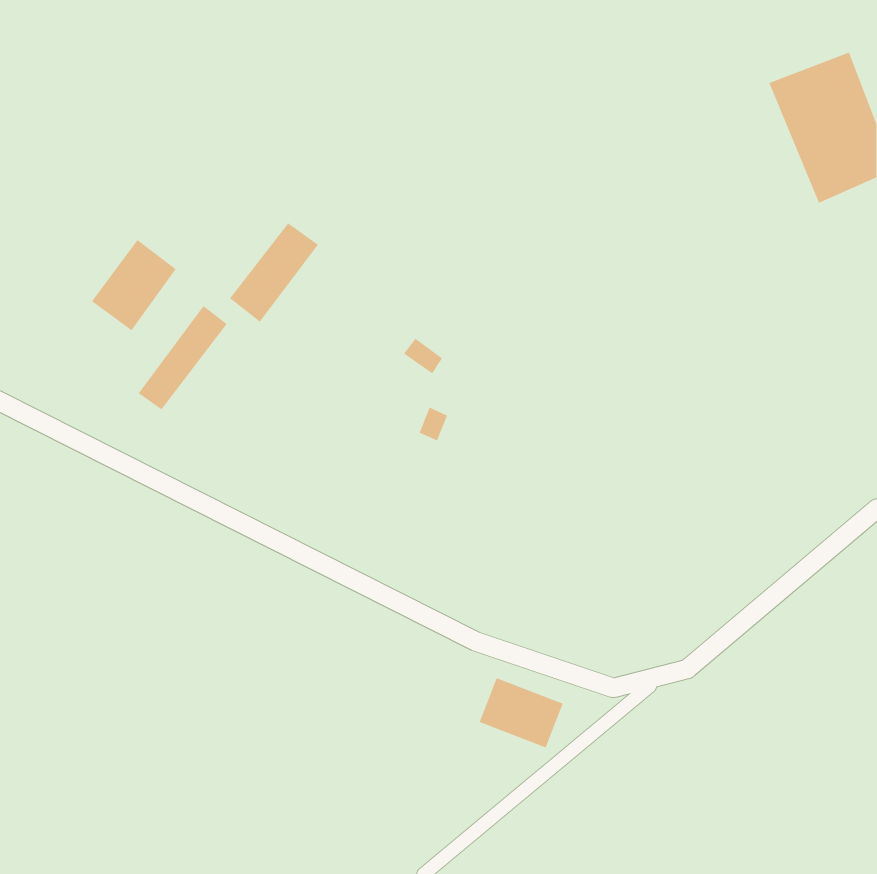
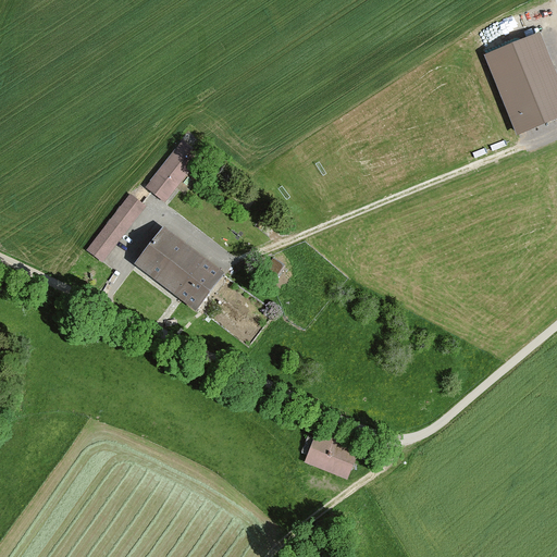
building: [91,239,176,331] -> none
building: none -> [133,227,225,314]

